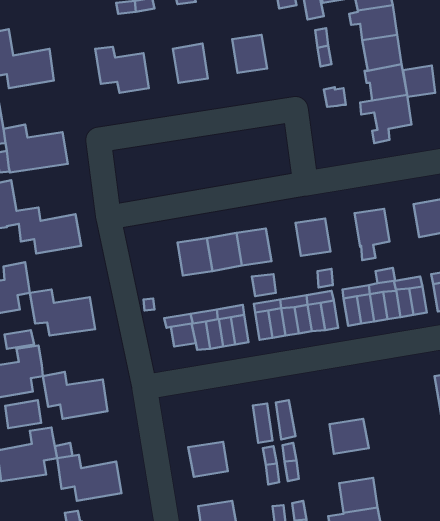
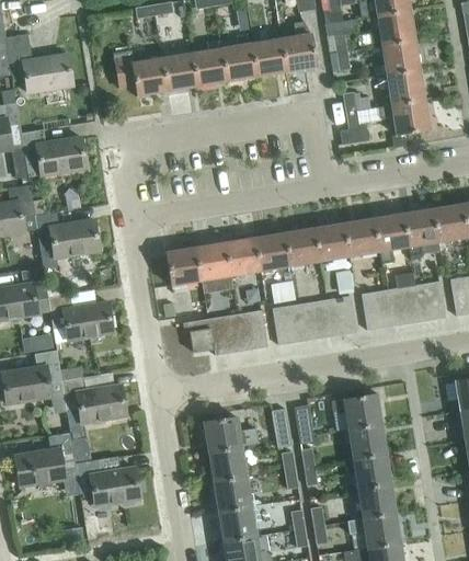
building: none -> [281,20,317,72]
building: none -> [221,43,256,82]
building: none -> [162,53,197,92]
building: [403,66,435,97] -> none
building: none -> [340,110,369,145]
building: none -> [403,208,438,245]
building: none -> [344,217,379,255]
building: none -> [285,227,320,265]
building: none -> [165,247,202,293]
building: none -> [331,392,382,428]
building: [5,400,41,428] -> none
building: none -> [203,415,258,451]
building: none -> [345,453,392,488]
building: none -> [213,476,251,511]

